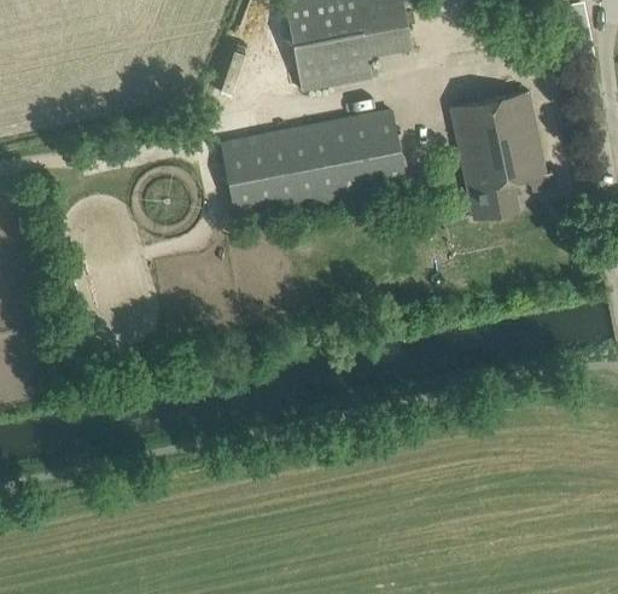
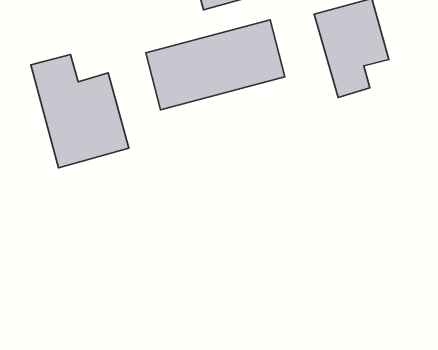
building: none -> [31,55,129,168]

